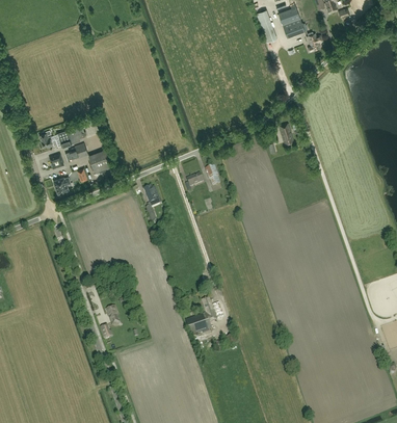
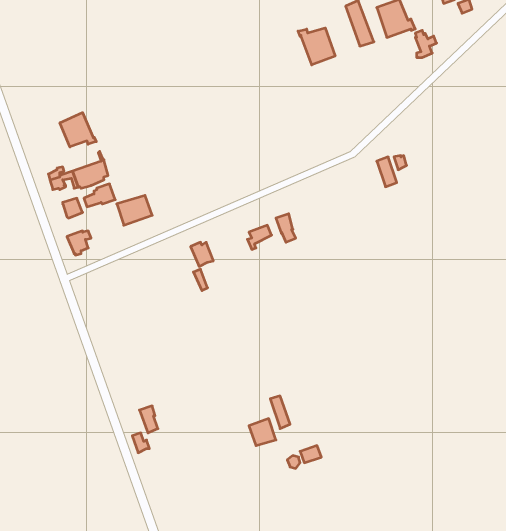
building: none -> [298,28,335,65]
building: none -> [60,113,96,147]

